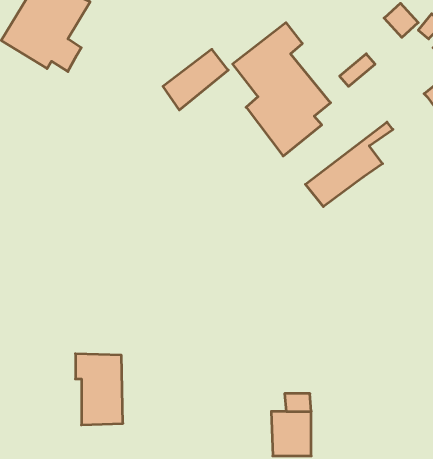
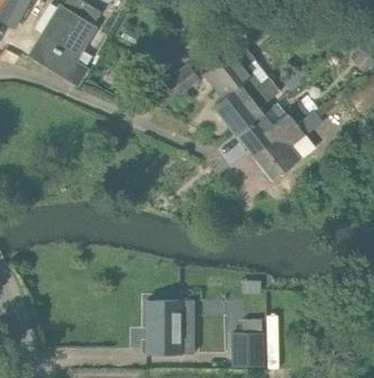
building: none -> [241,98,319,163]
building: [75,354,123,425] -> [145,299,181,353]

